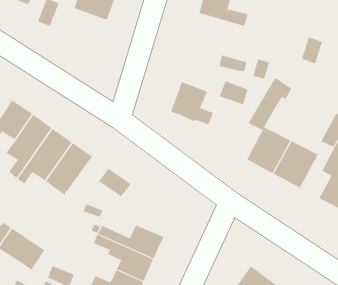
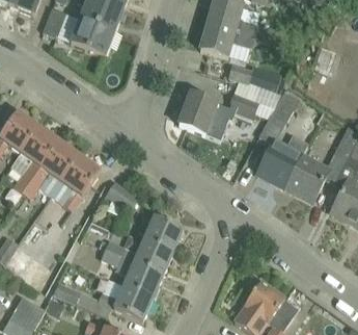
building: none -> [71,18,114,56]
building: none -> [199,23,254,56]
building: none -> [143,215,183,252]

